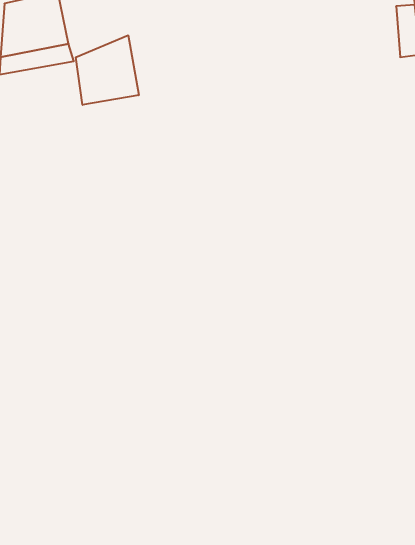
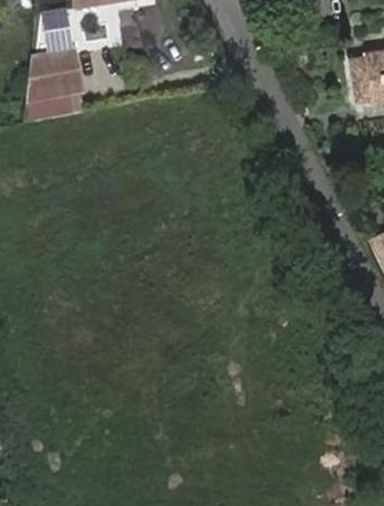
building: [76,35,139,105] -> none

